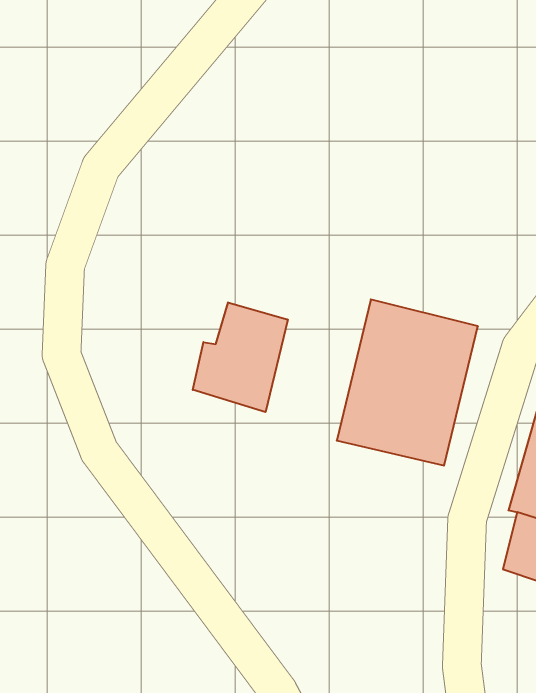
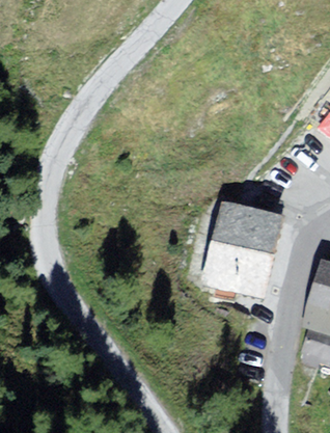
building: [193,302,288,412] -> none

